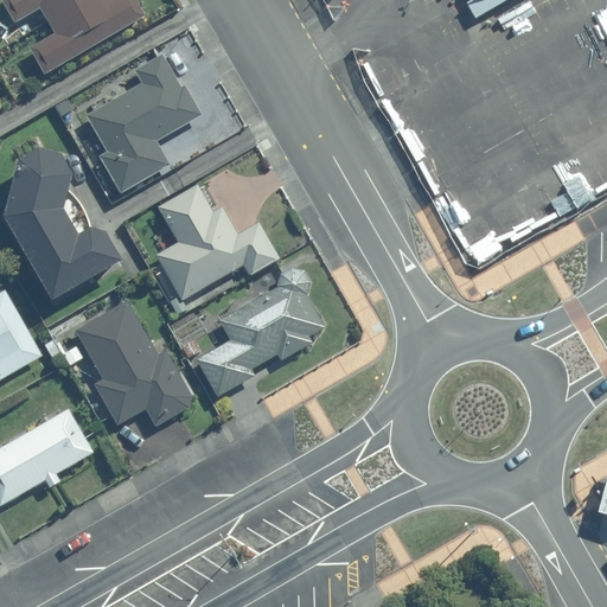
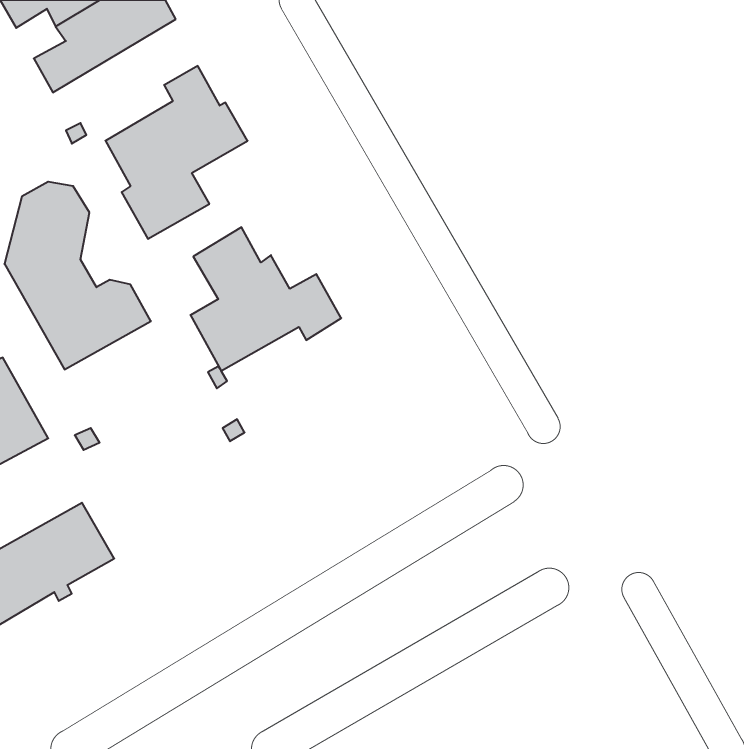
building: [196,266,325,396] -> none
building: [75,301,191,427] -> none

